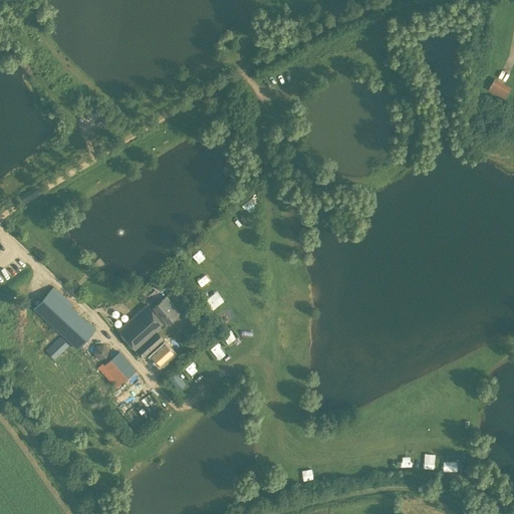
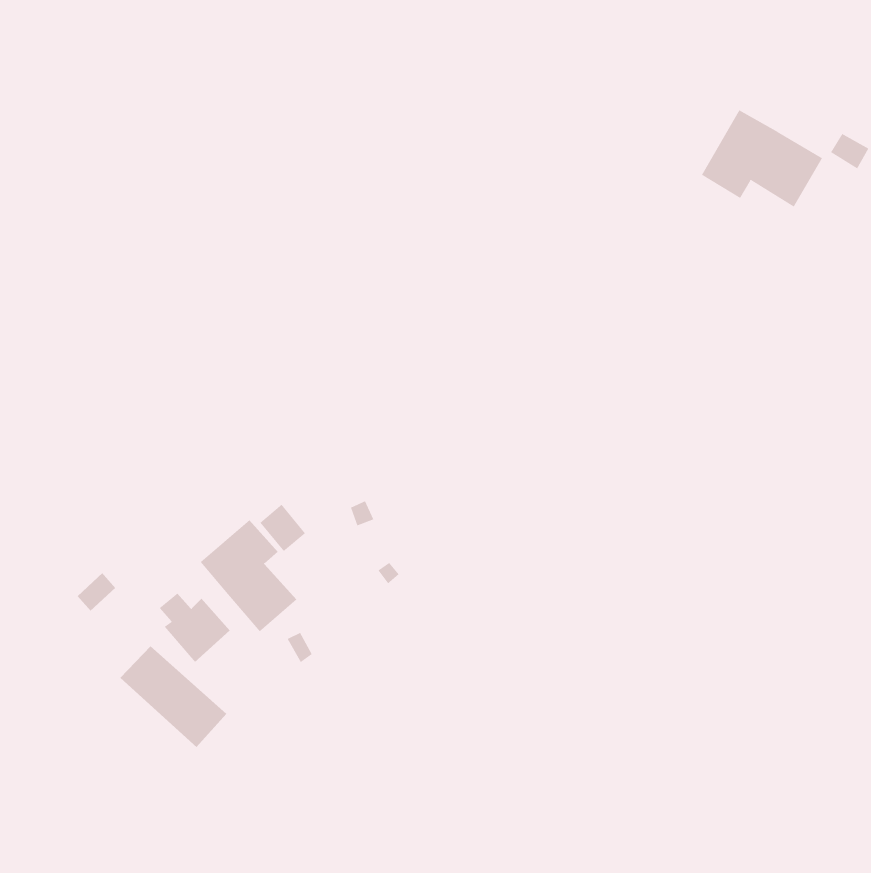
building: none -> [701,110,823,207]
building: [33,289,96,349] -> [120,645,227,748]

